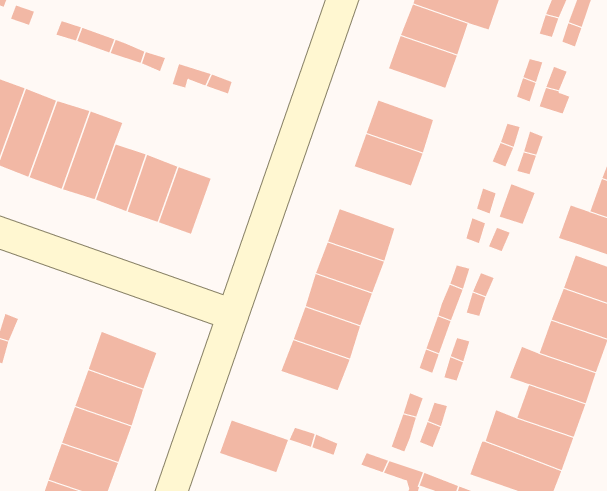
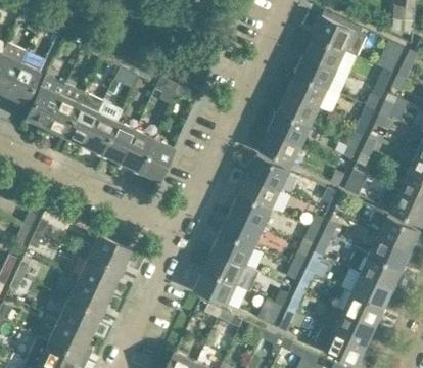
building: none -> [278,92,320,126]
building: none -> [248,154,290,189]
building: [219,420,289,473] -> [194,269,237,304]

